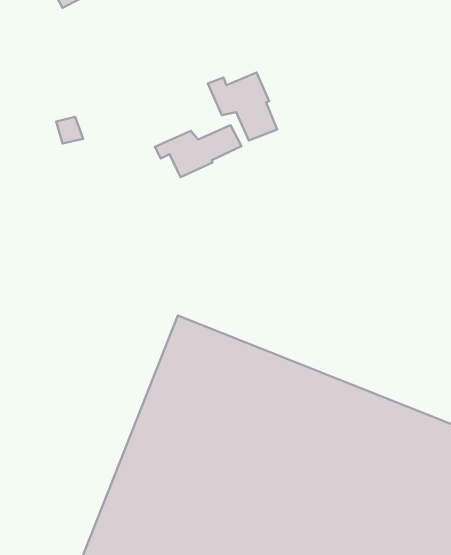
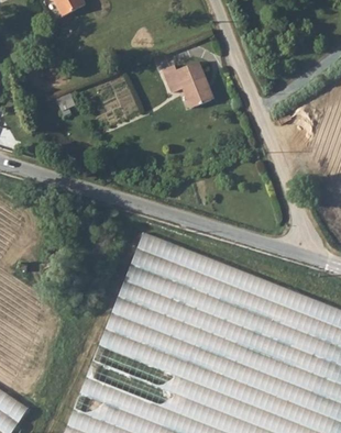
building: [155,125,242,177] -> none

